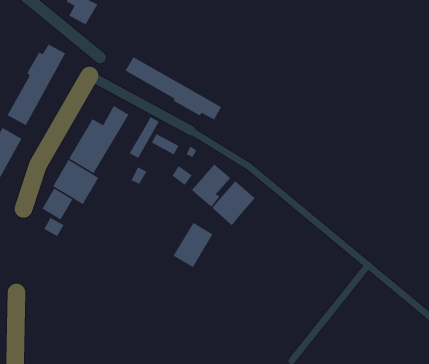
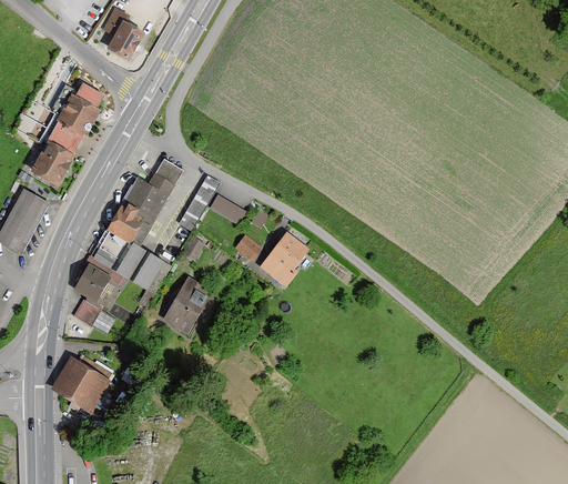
building: [125,56,222,120] -> none
building: [211,180,256,226] -> none
building: none -> [132,254,164,292]
building: [173,222,214,268] -> [163,278,214,335]
building: none -> [51,355,111,414]

